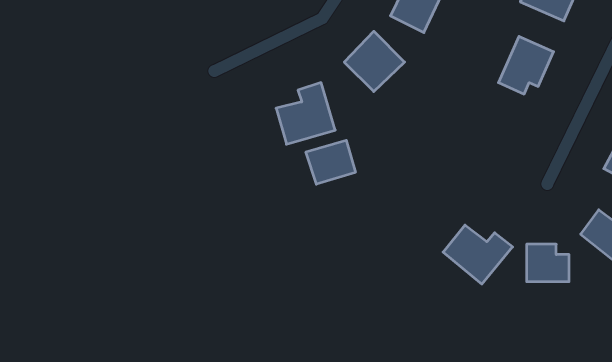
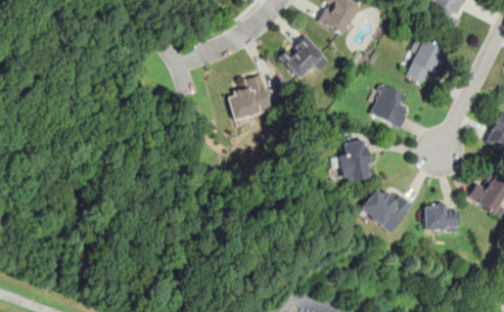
building: none -> [368,82,410,127]
building: [306,140,355,184] -> none
building: none -> [337,136,374,185]

